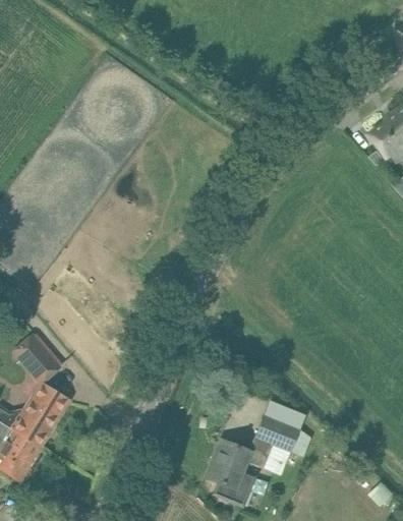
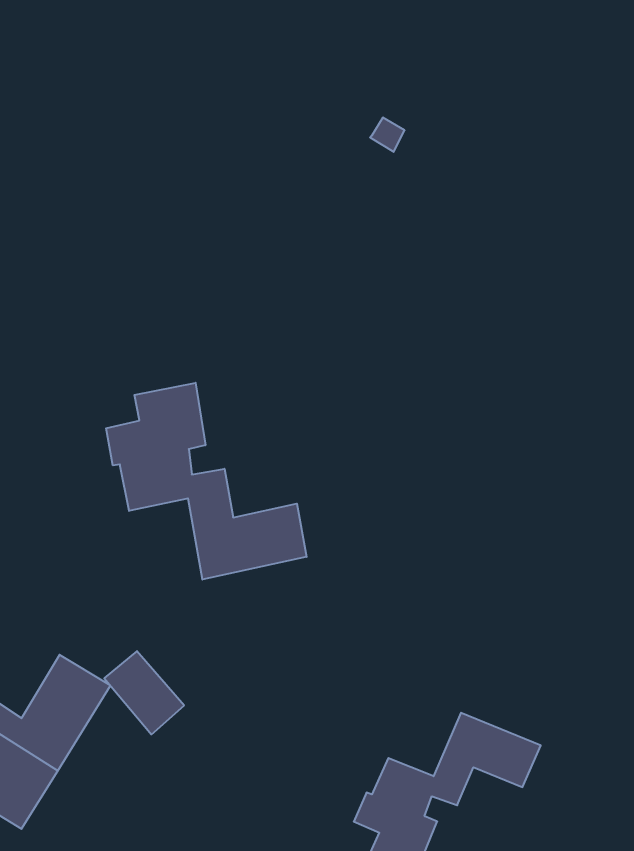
building: none -> [106,383,307,580]
building: [15,334,60,381] -> [104,651,184,734]

